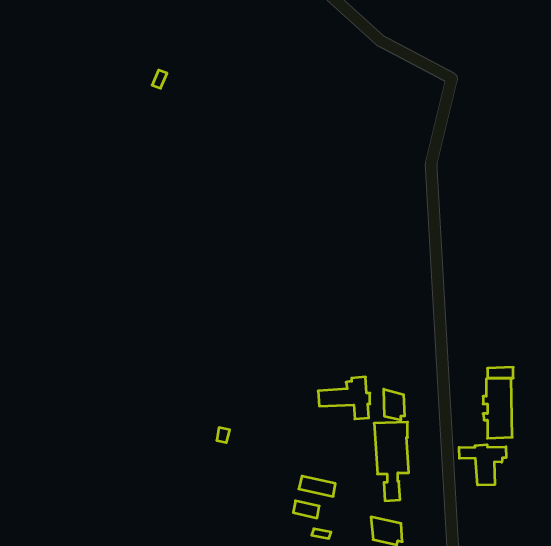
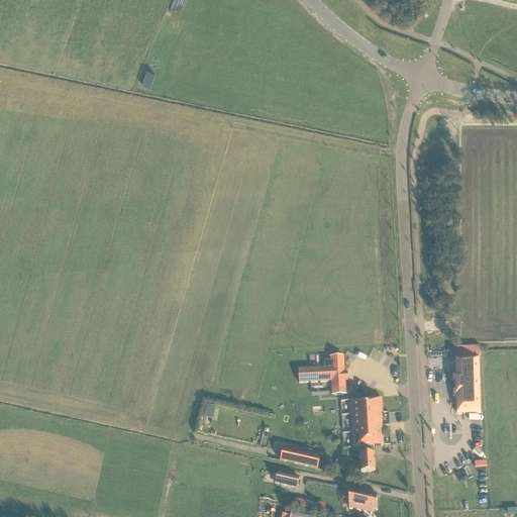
building: [384,389,405,420] -> none
building: [459,445,506,485] -> none

